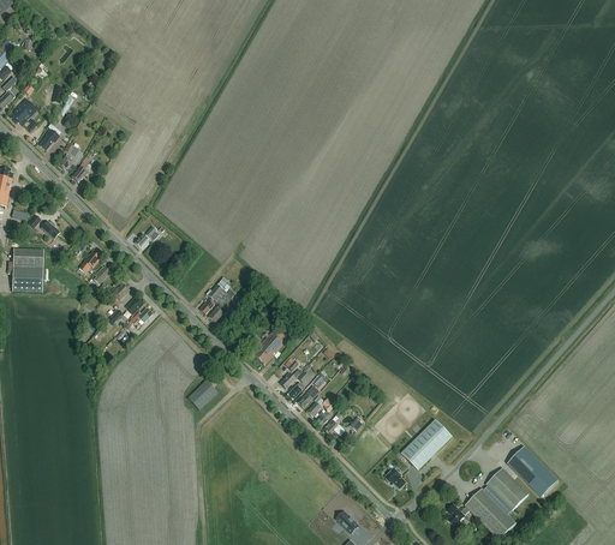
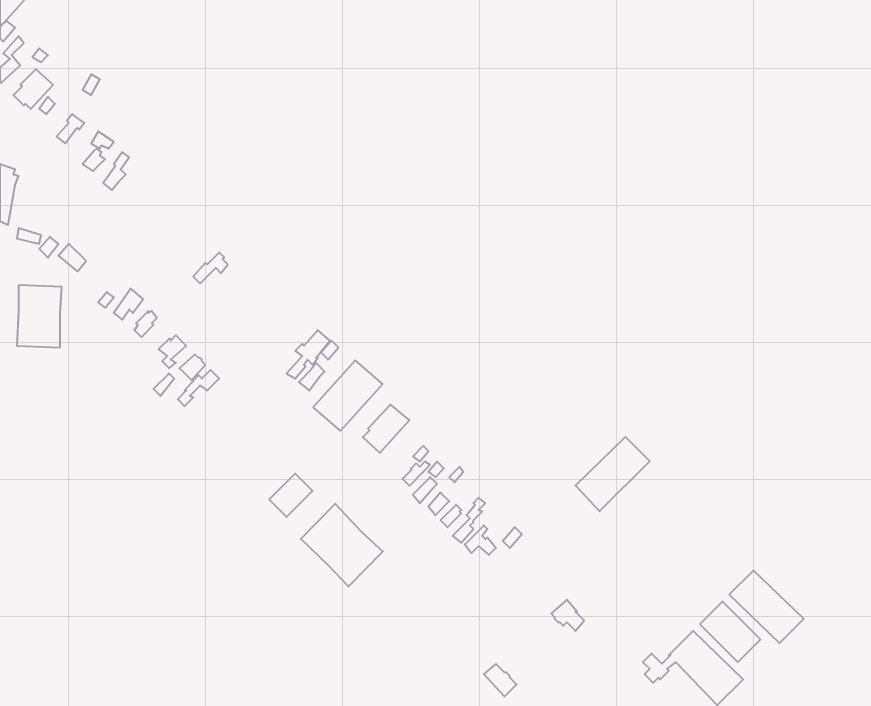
building: none -> [313,360,382,431]
building: none -> [301,504,383,587]
building: [401,419,453,471] -> [575,437,650,511]

